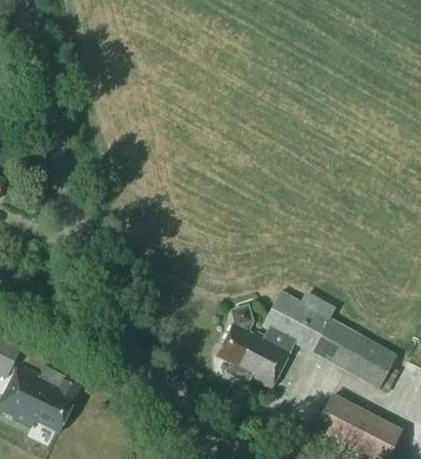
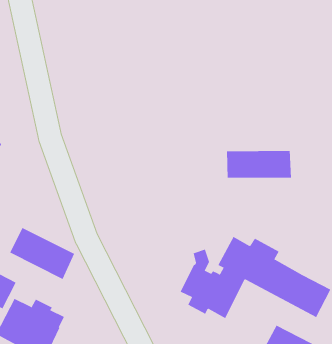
building: none -> [227,150,291,178]
building: none -> [10,227,75,280]

